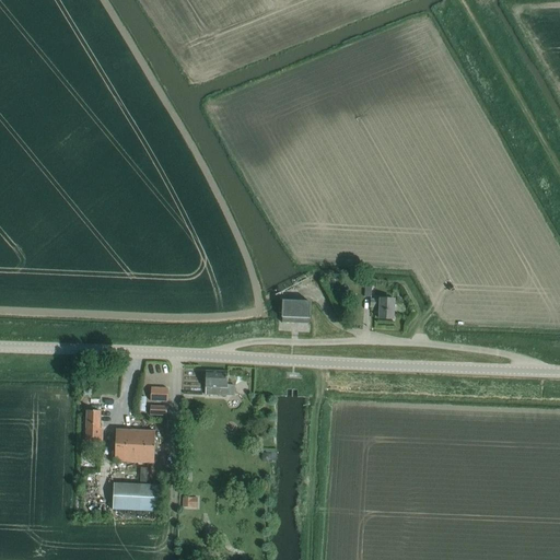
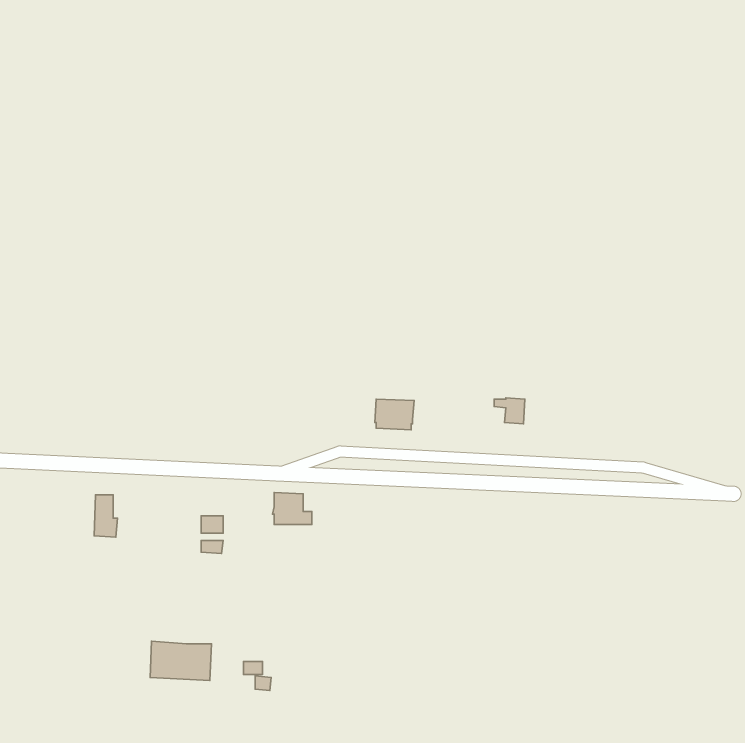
building: [85,410,103,442] -> [94,495,117,537]
building: [114,429,155,463] -> none

